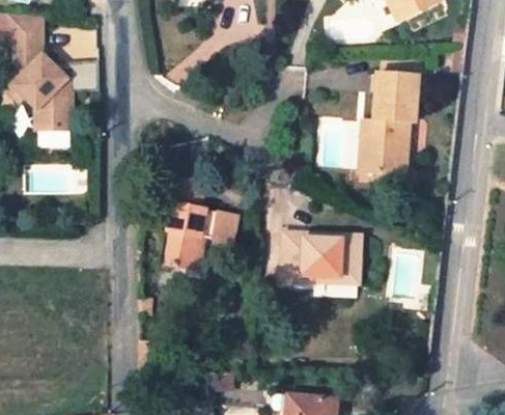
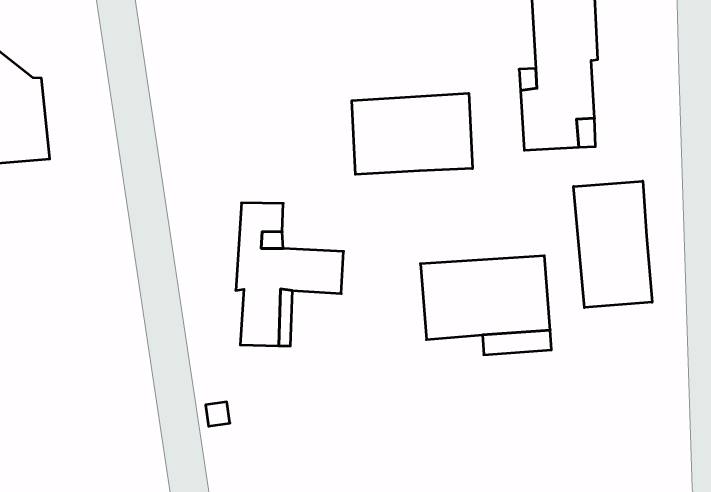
building: none -> [352,93,472,174]
building: none -> [574,181,652,308]

